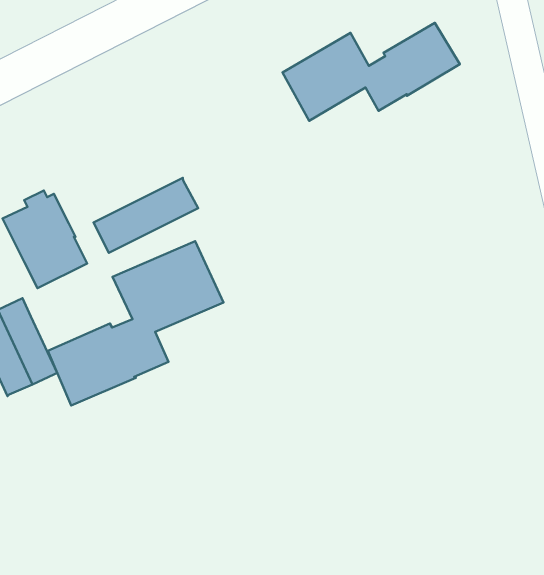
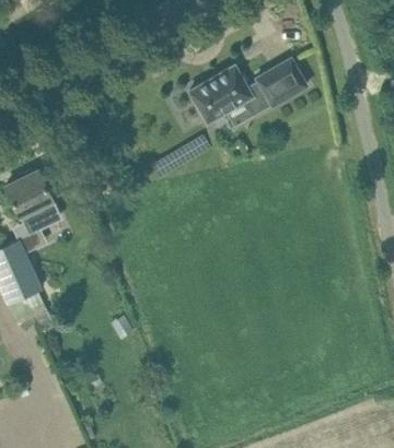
building: [94,178,198,253] -> none
building: [48,241,224,406] -> none

